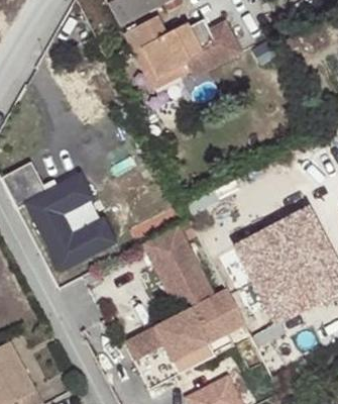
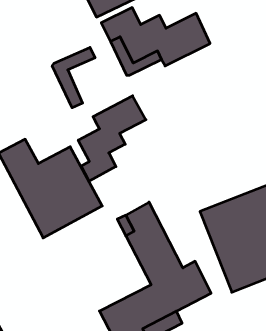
building: none -> [52,47,95,108]
building: none -> [78,96,146,181]

